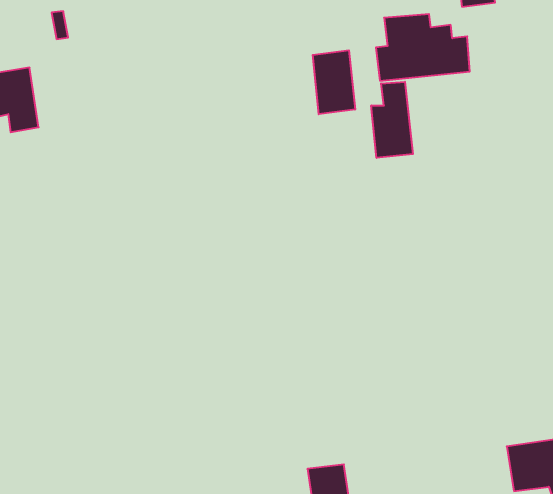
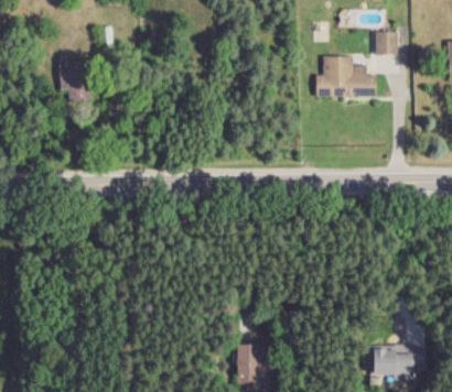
building: [313,50,355,114] -> none
building: [371,82,413,158] -> none

